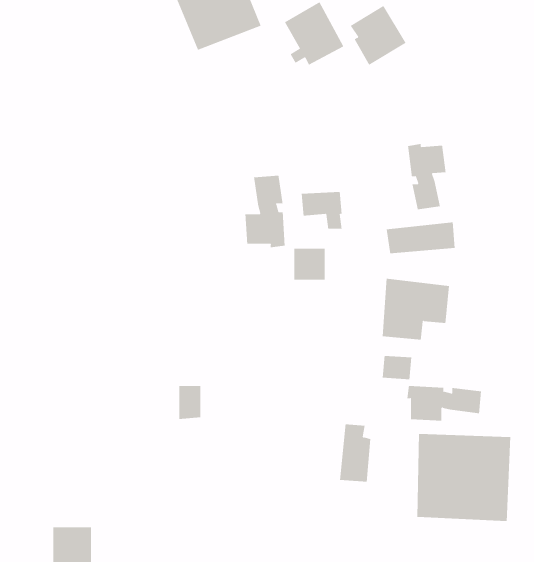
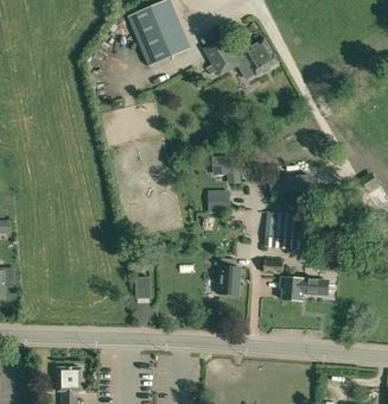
building: [408,143,446,210] -> none
building: [245,175,285,248] -> none
building: [339,424,371,482] -> [211,258,231,295]
building: [417,433,511,522] -> none

